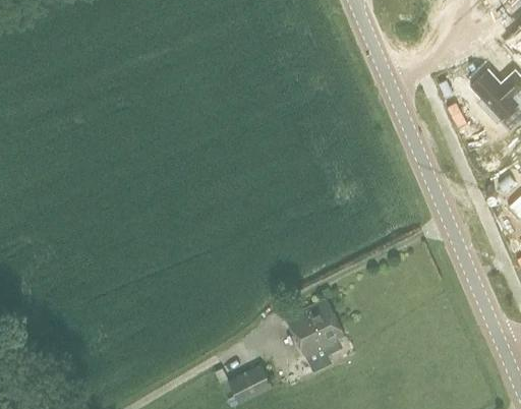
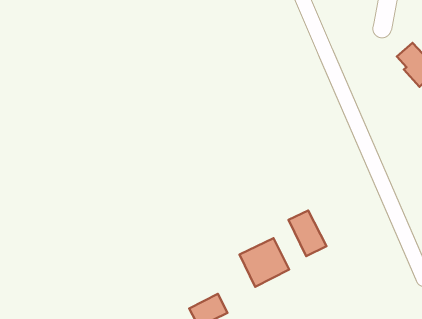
building: none -> [289,210,326,256]

